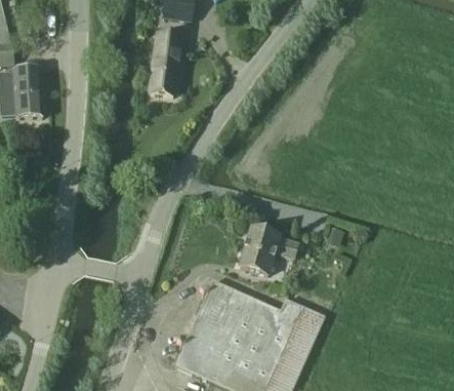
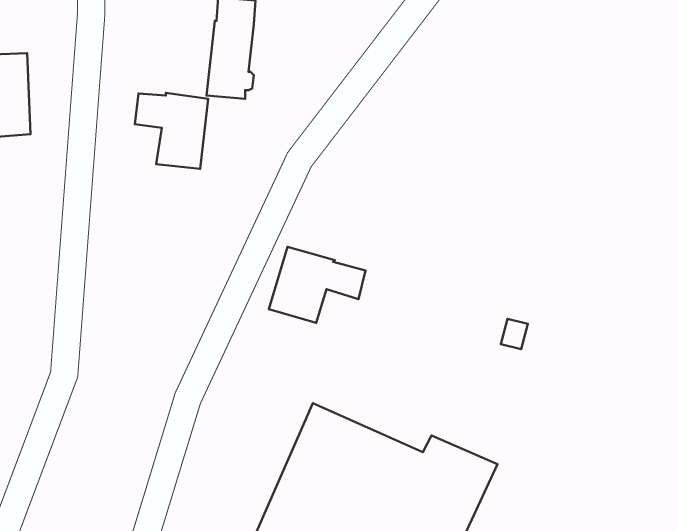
building: none -> [135,93,208,169]
building: [239,228,297,274] -> [269,247,365,323]

